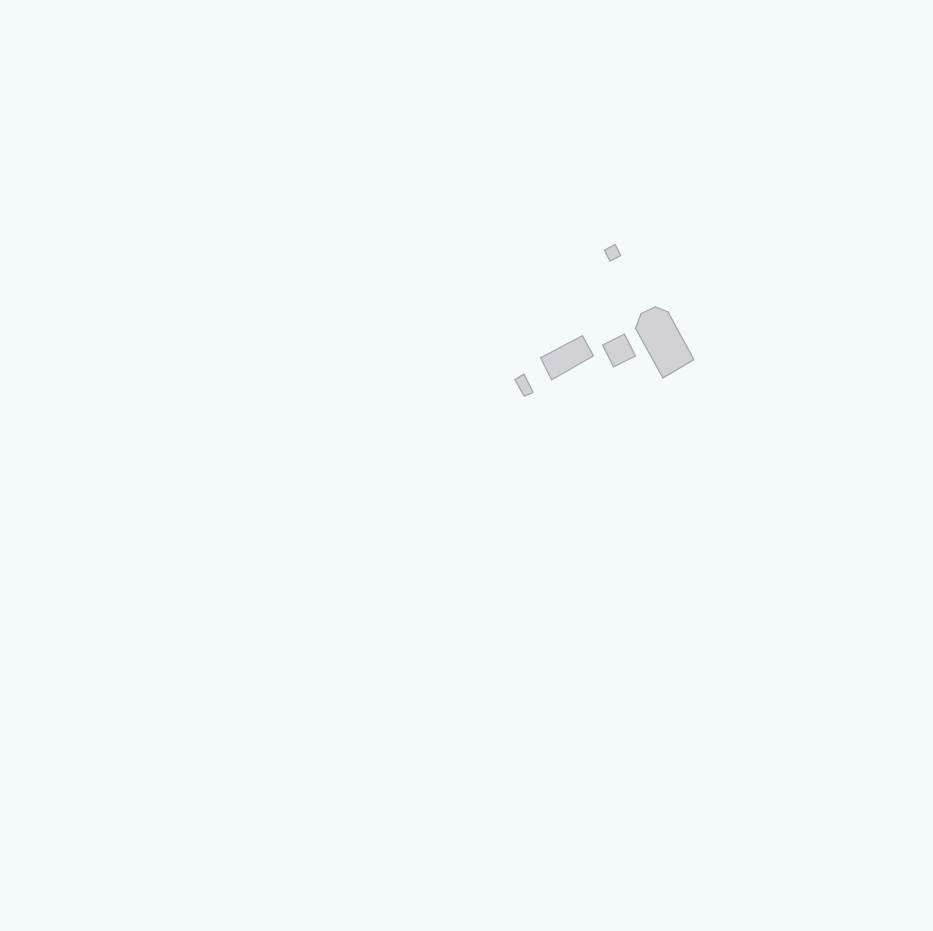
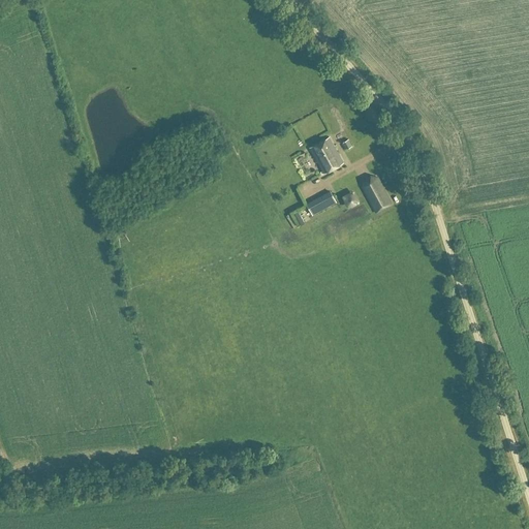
building: none -> [309,135,343,174]

